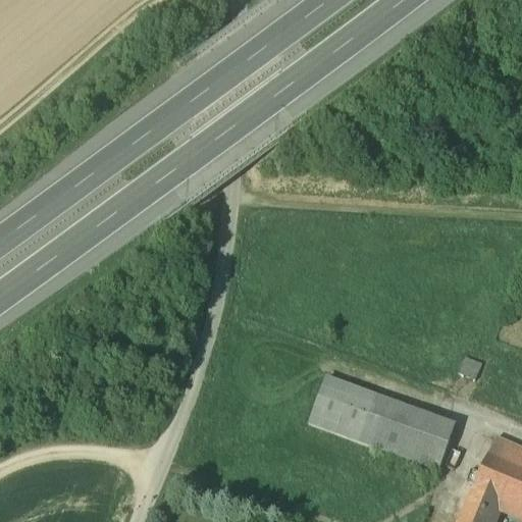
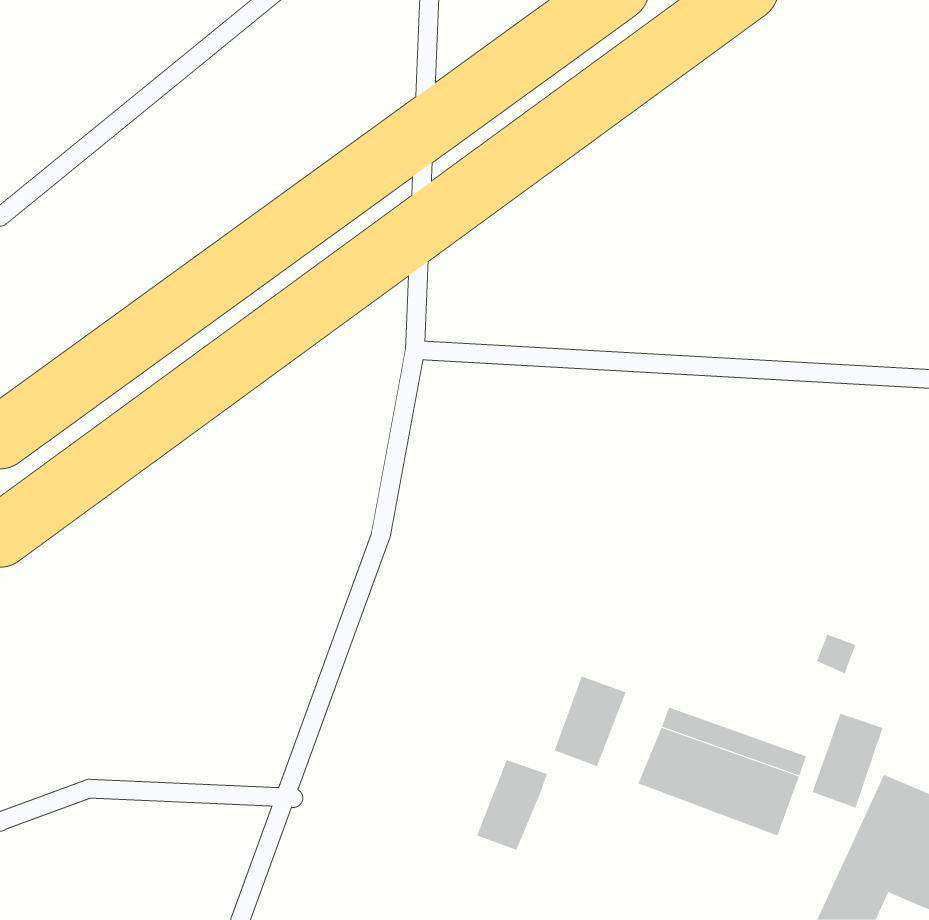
building: [335,387,375,438] -> [477,759,548,850]
building: none -> [812,713,883,809]

